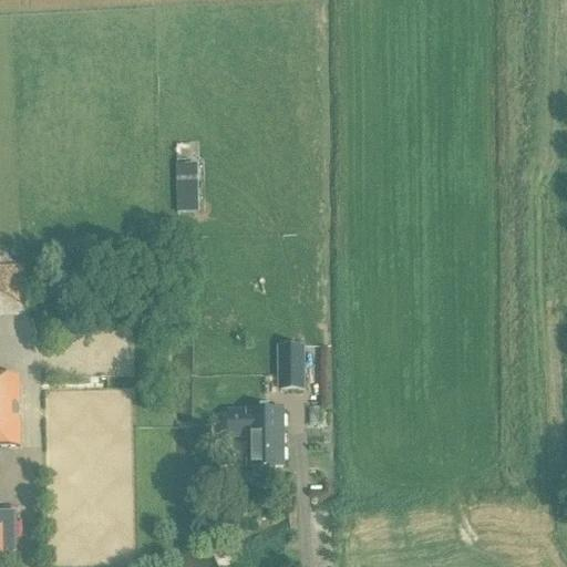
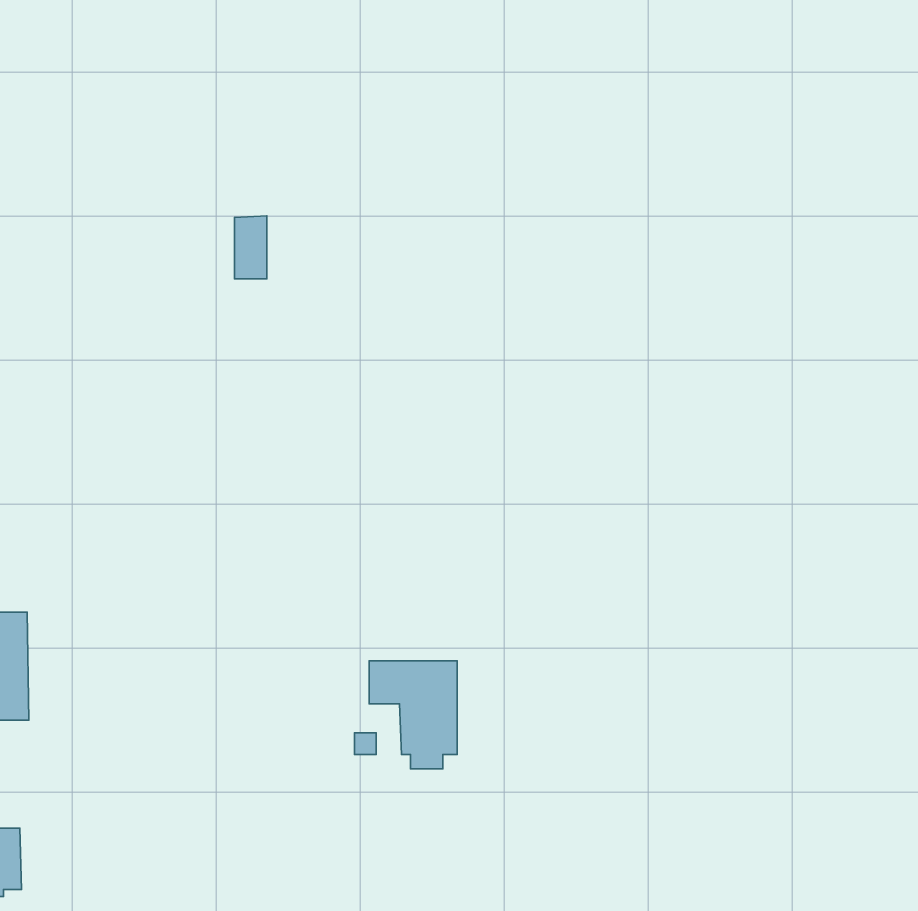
building: [176,161,196,199] -> [234,216,267,279]
building: [280,342,303,386] -> none

